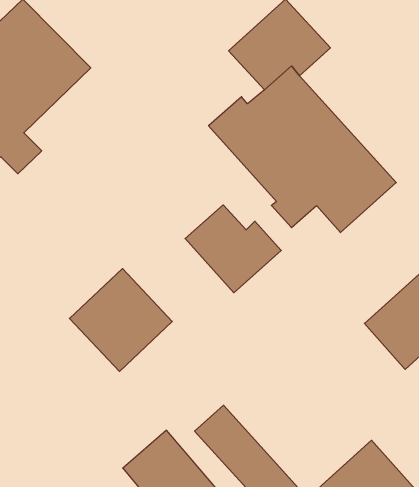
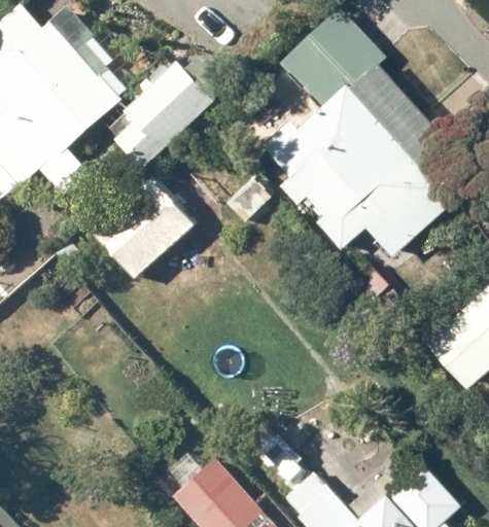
building: none -> [107,60,216,170]
building: [185,205,281,293] -> none
building: [69,269,172,371] -> [86,172,193,278]

